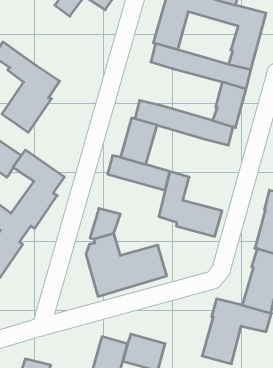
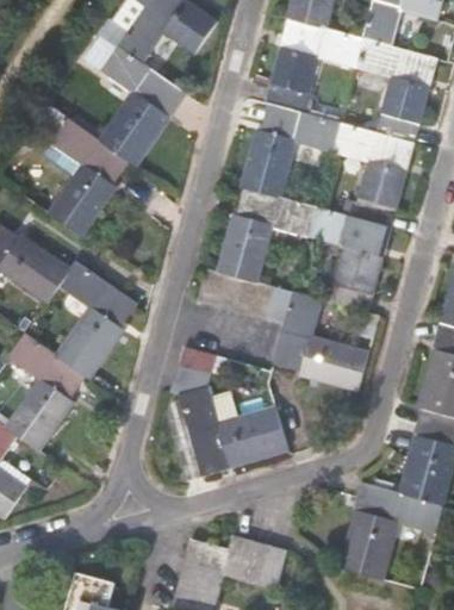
building: none -> [92,45,188,164]
building: none -> [242,129,296,195]
building: none -> [332,245,381,311]

